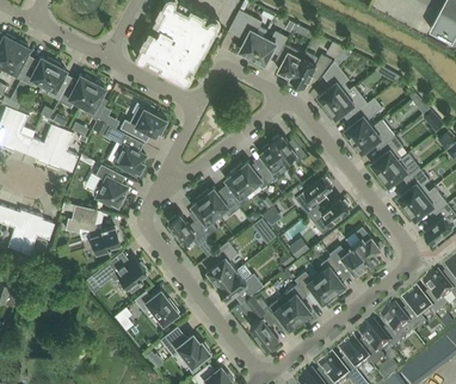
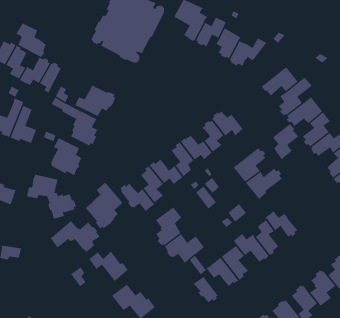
building: none -> [15,23,47,58]
building: [319,60,350,107] -> none
building: none -> [272,123,299,160]
building: none -> [85,182,123,229]
building: [351,225,381,267] -> none

